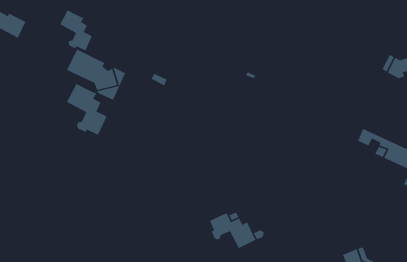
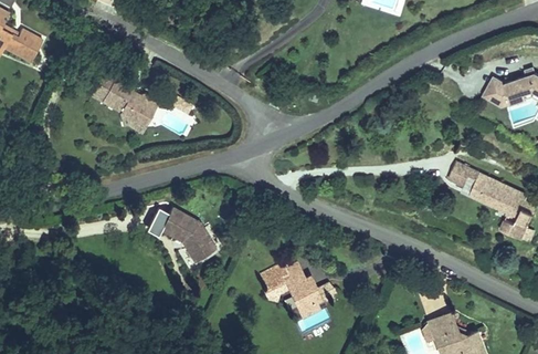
building: [59,9,93,51] -> none
building: [66,83,108,136] -> none
building: none -> [156,216,211,269]

